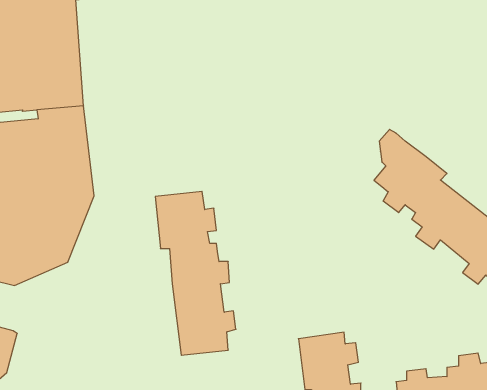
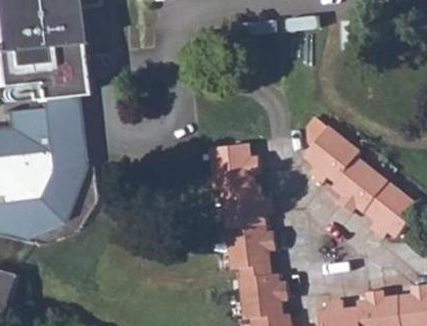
building: [155,191,236,355] -> [213,141,277,270]

